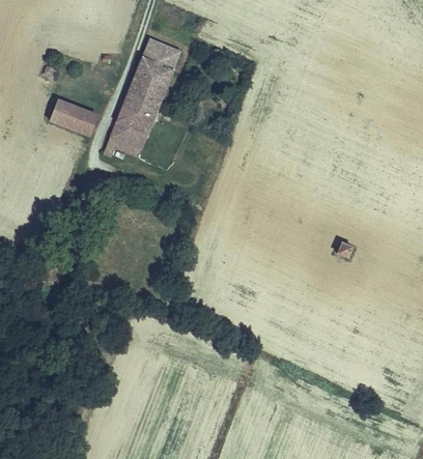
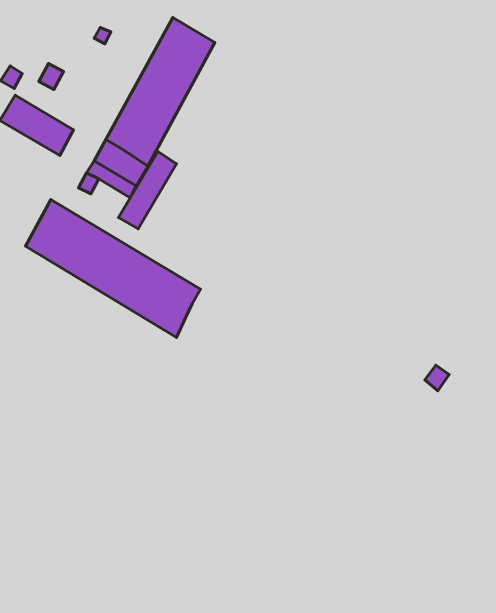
building: none -> [118,151,177,229]
building: none -> [25,199,201,337]

